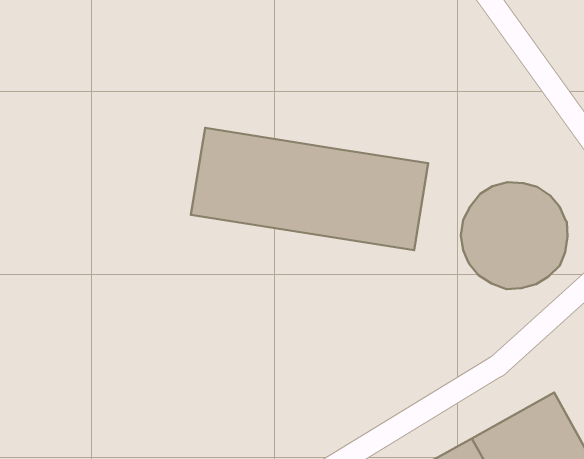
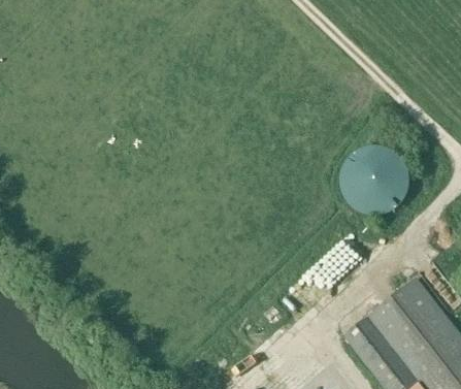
building: [191,128,428,250] -> none

